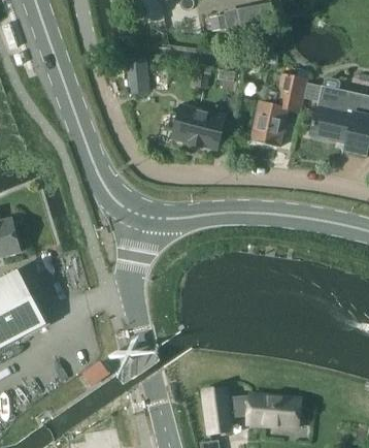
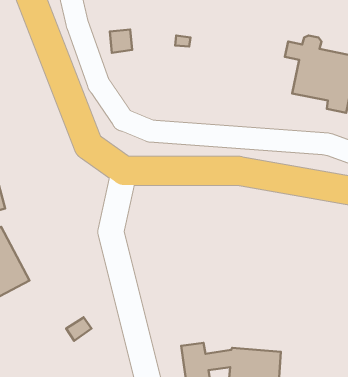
building: [251,73,307,147] -> none
building: [171,104,226,151] -> none

